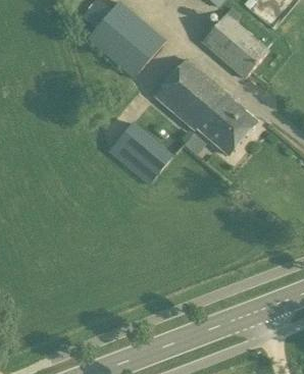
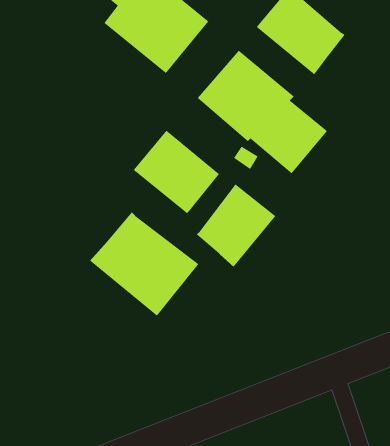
building: none -> [196,183,276,267]
building: none -> [89,212,199,316]

